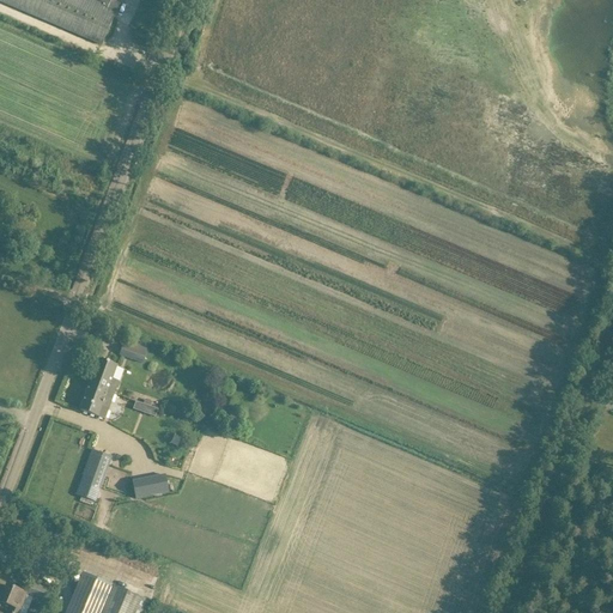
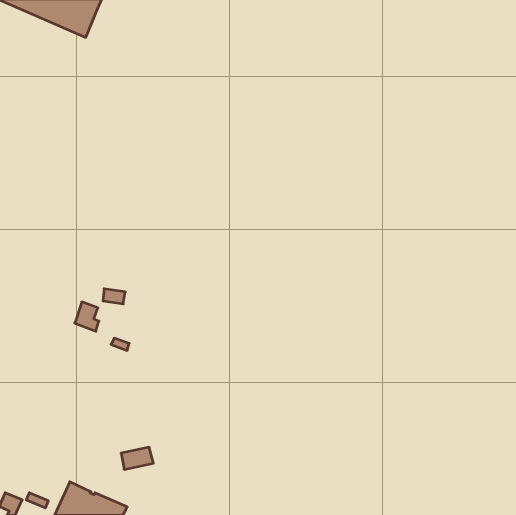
building: [79,383,114,419] -> none
building: [77,449,105,500] -> none
building: [134,472,172,498] -> [121,447,153,469]

